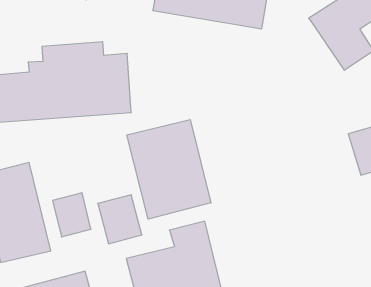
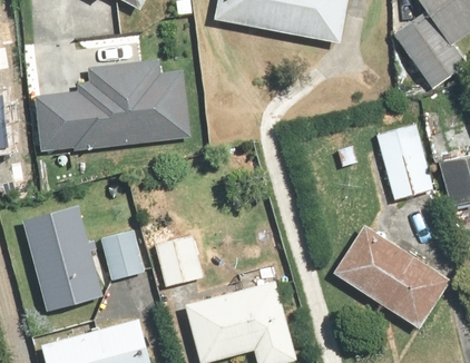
building: none -> [373,119,432,200]
building: [127,120,211,219] -> none
building: none -> [332,222,450,328]

